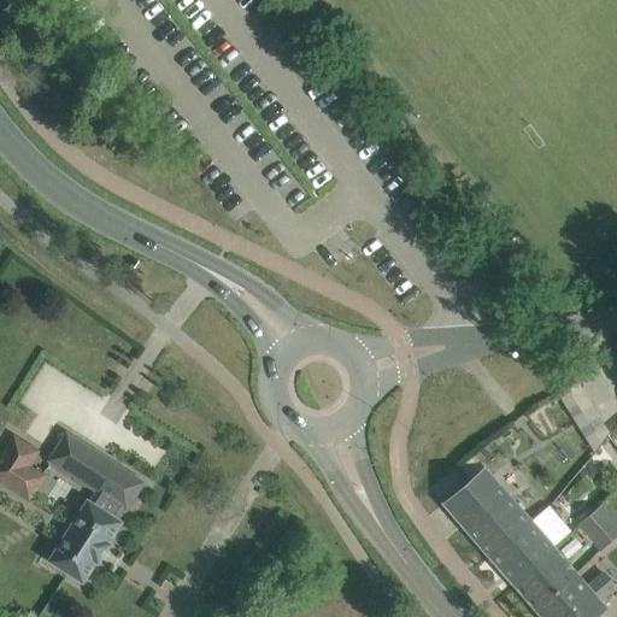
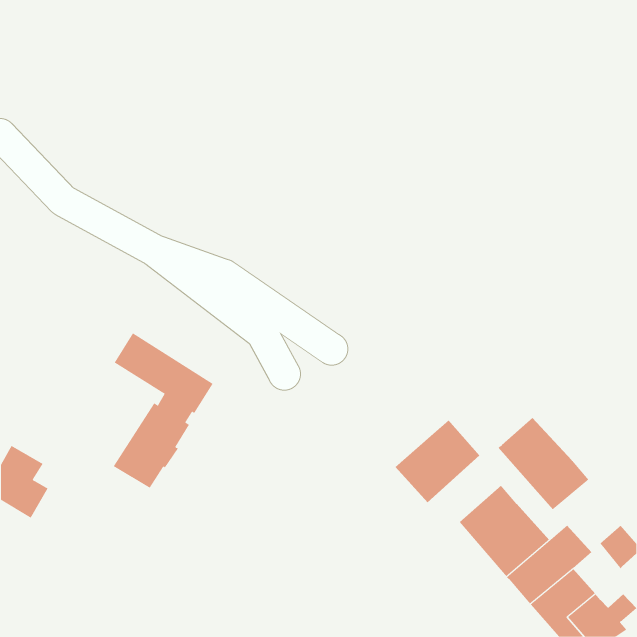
building: none -> [498,417,589,510]
building: none -> [394,419,480,503]
building: [47,433,145,583] -> [113,333,214,488]

